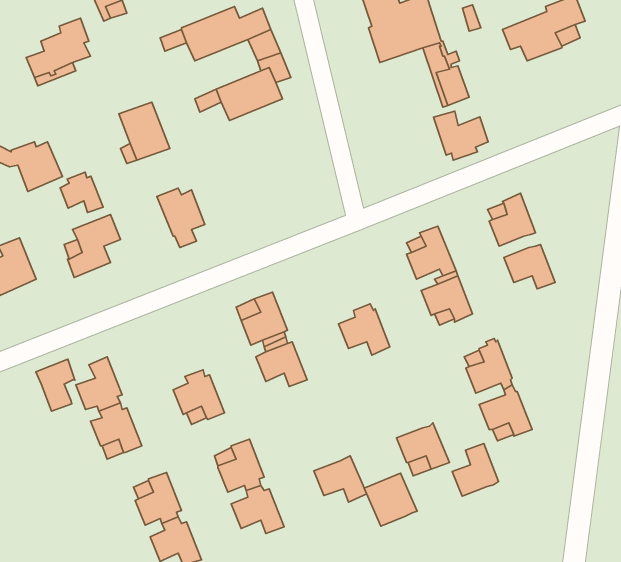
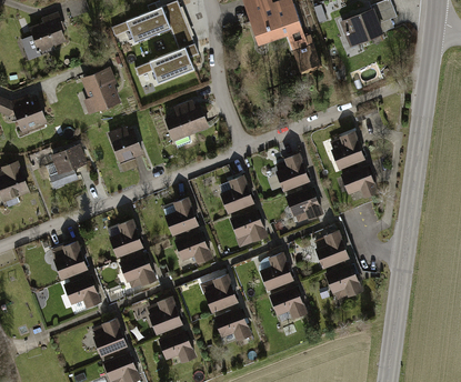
building: [433,111,488,160] -> none
building: none -> [166,102,208,148]
building: [60,172,103,212] -> none
building: none -> [221,177,252,212]
building: none -> [110,220,141,255]
building: [36,359,75,411] -> none
building: [452,443,499,496] -> [261,253,292,289]
building: [364,473,417,526] -> [201,275,237,311]

